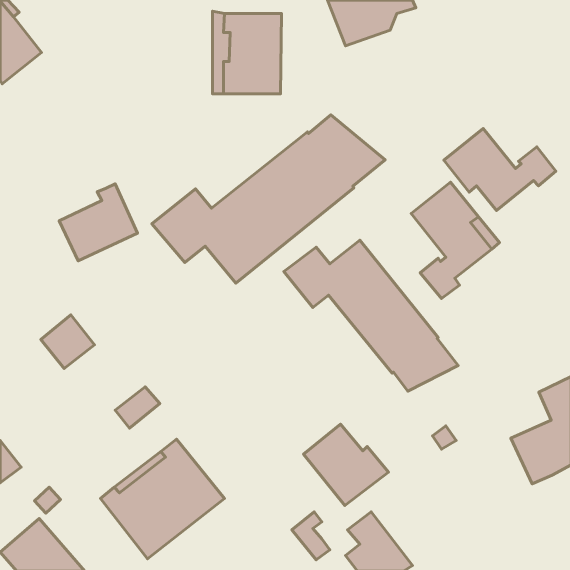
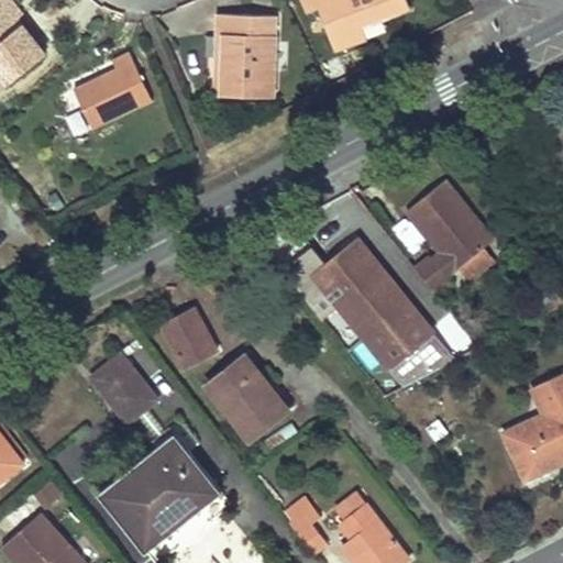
building: [152,115,385,283] -> none
building: [444,128,556,210] -> none
building: [59,184,137,261] -> [75,53,152,129]
building: none -> [163,308,214,364]
building: [41,315,94,368] -> [91,352,144,405]
building: [304,424,388,506] -> [207,356,290,437]

